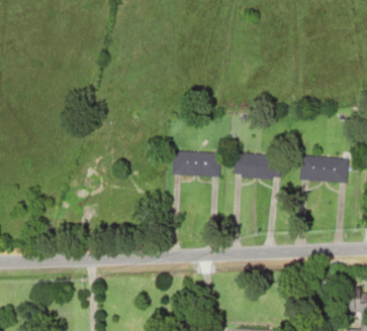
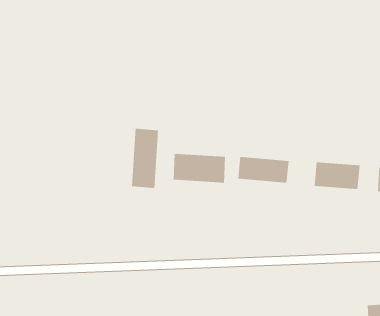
building: none -> [132,128,159,189]

